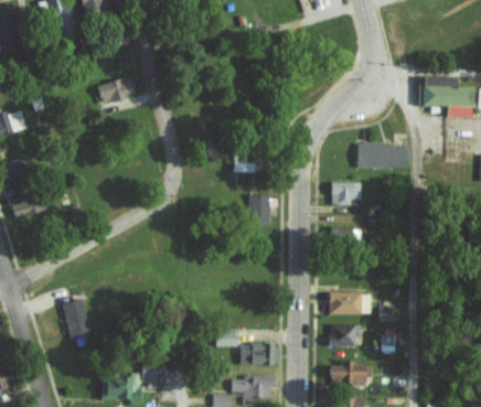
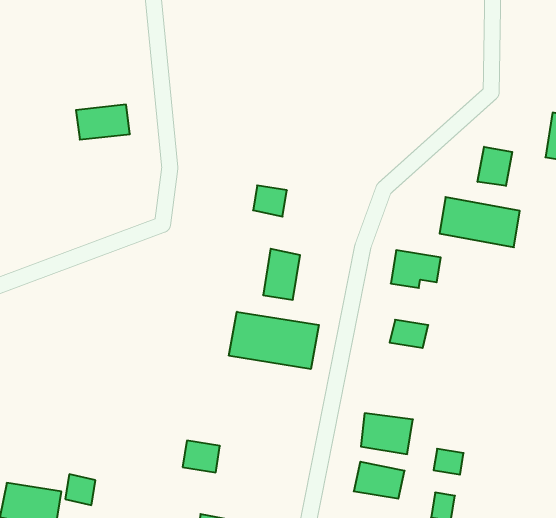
building: [97,77,135,105] -> [76,105,130,140]
building: none -> [478,147,512,186]
building: none -> [229,312,319,369]
building: [239,343,278,364] -> none

